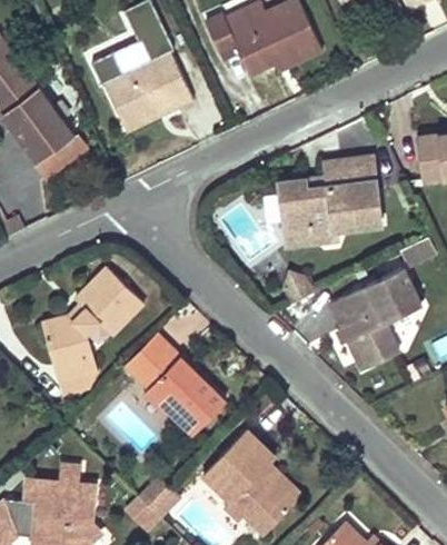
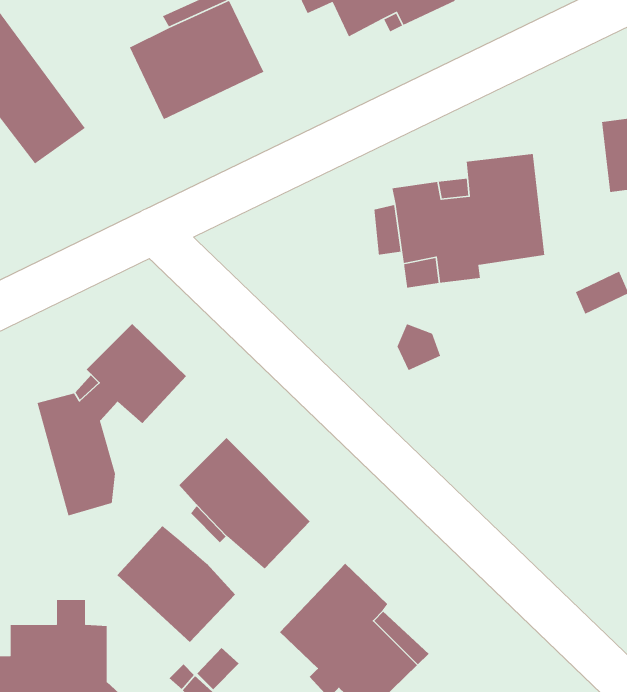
building: [328,266,420,369] -> none
building: none -> [116,525,236,643]

